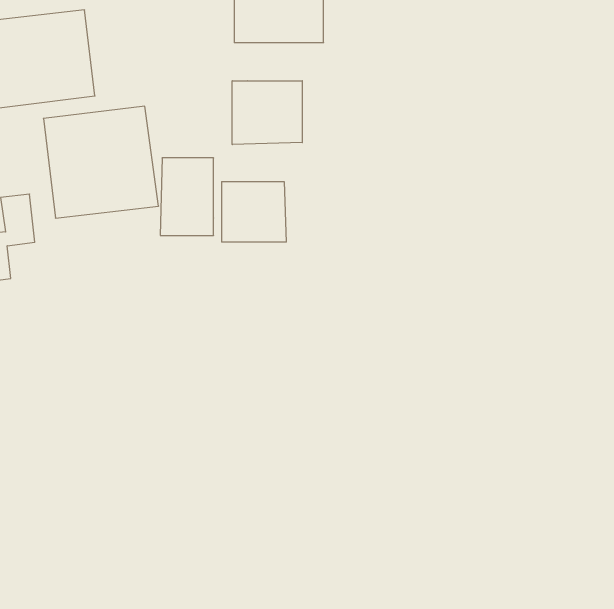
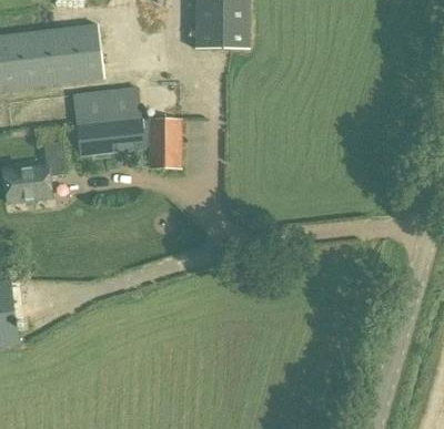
building: [232,81,302,145] -> none
building: [222,182,286,242] -> none

